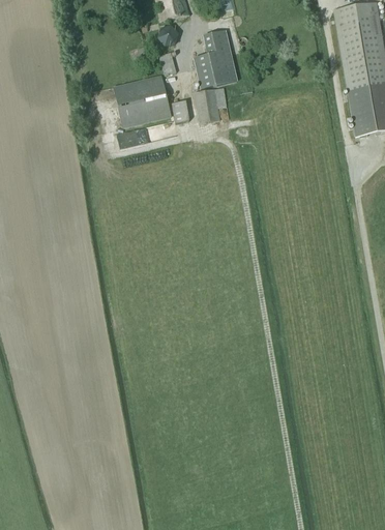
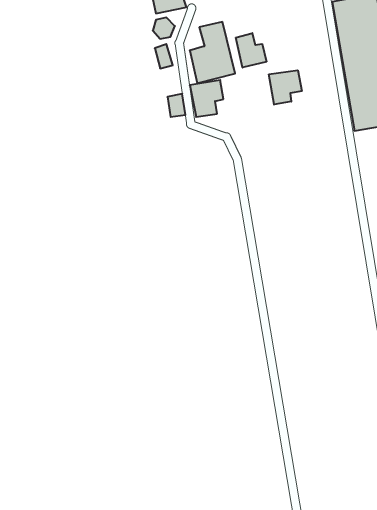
building: none -> [236,33,266,68]
building: [113,73,172,127] -> none
building: none -> [269,70,302,105]

